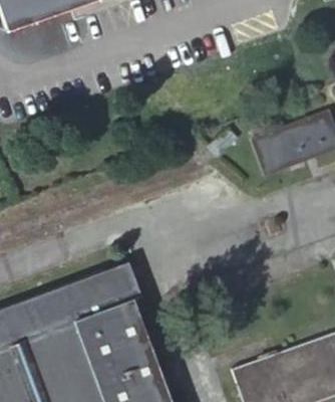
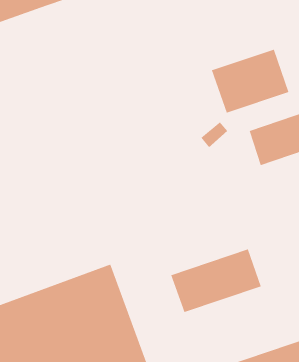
building: none -> [211,49,289,114]
building: none -> [171,249,261,313]

